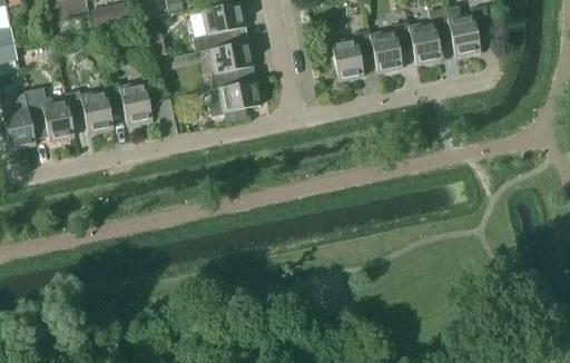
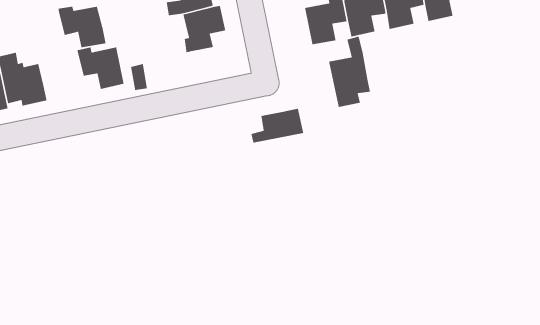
building: none -> [328,36,371,108]
building: [208,79,262,115] -> [251,108,304,143]
building: [65,90,114,133] -> [57,6,106,48]

